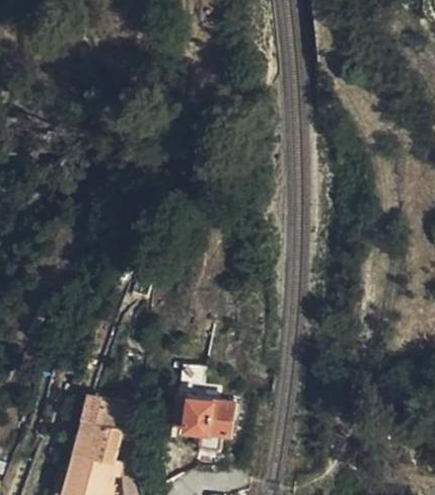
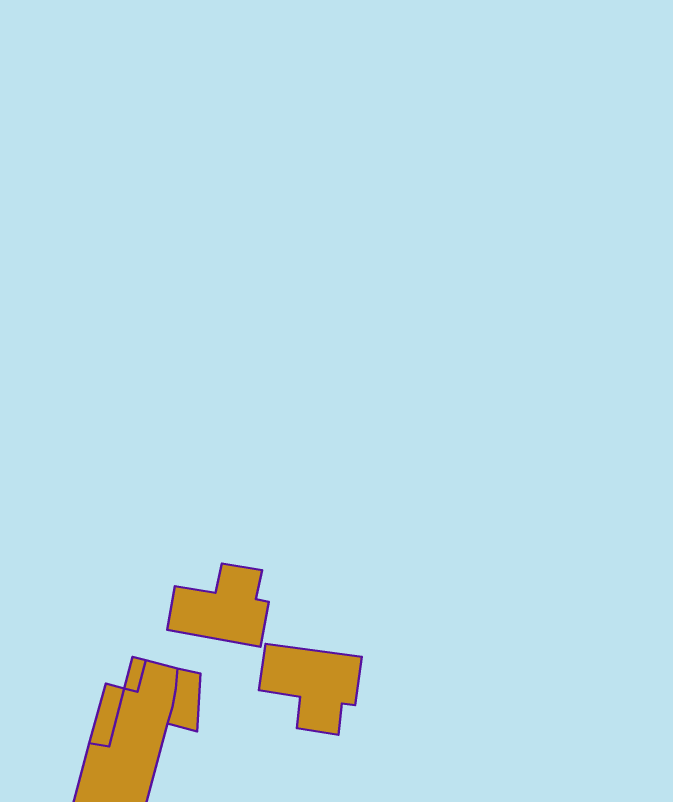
building: none -> [167,564,269,647]

